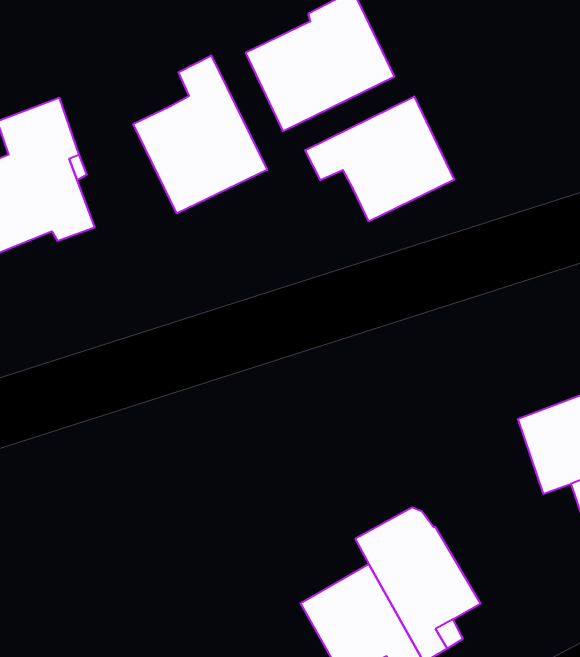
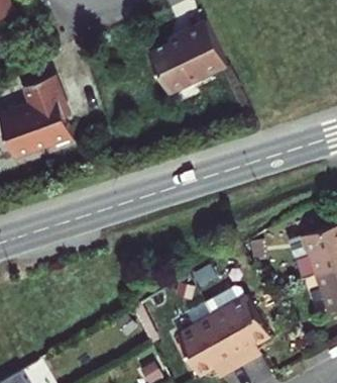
building: [133,55,267,213] -> none
building: [305,96,454,221] -> none

